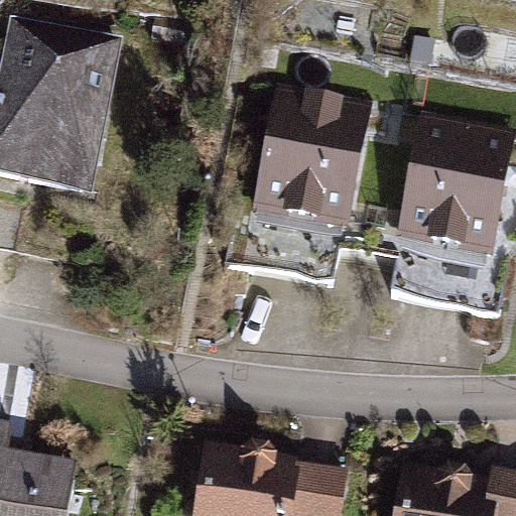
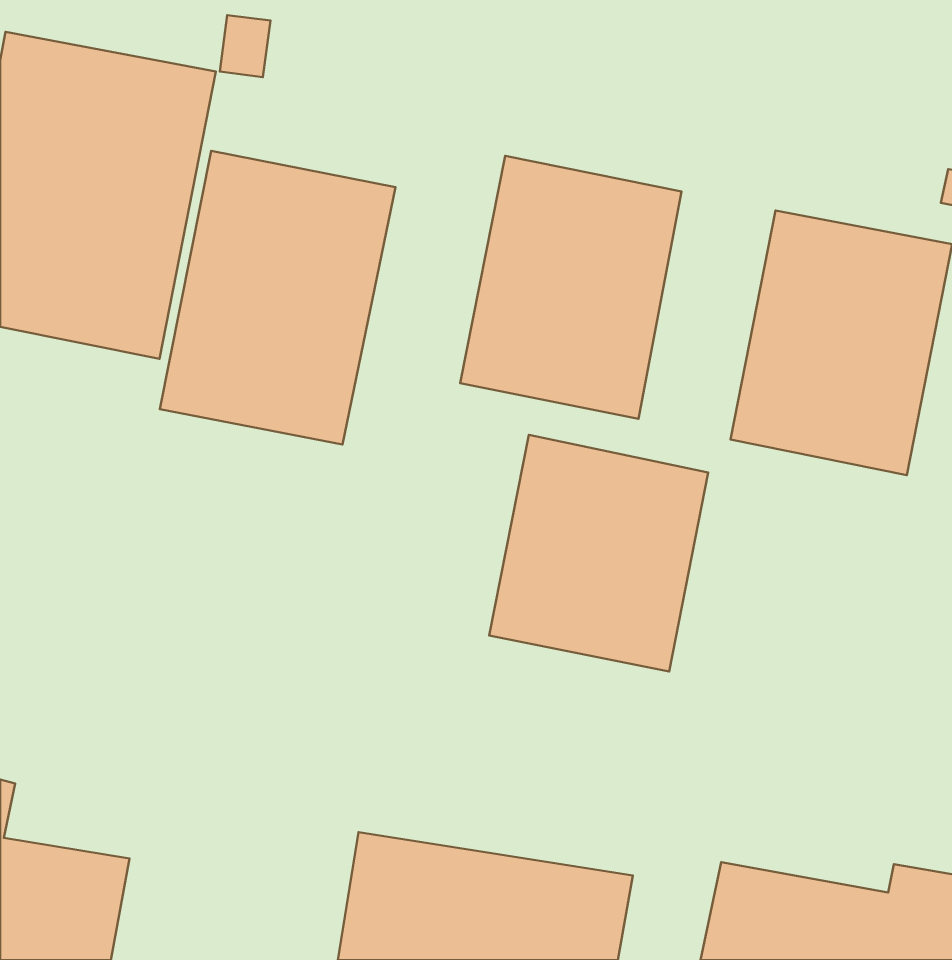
building: none -> [160,151,396,445]
building: none -> [489,435,708,671]

